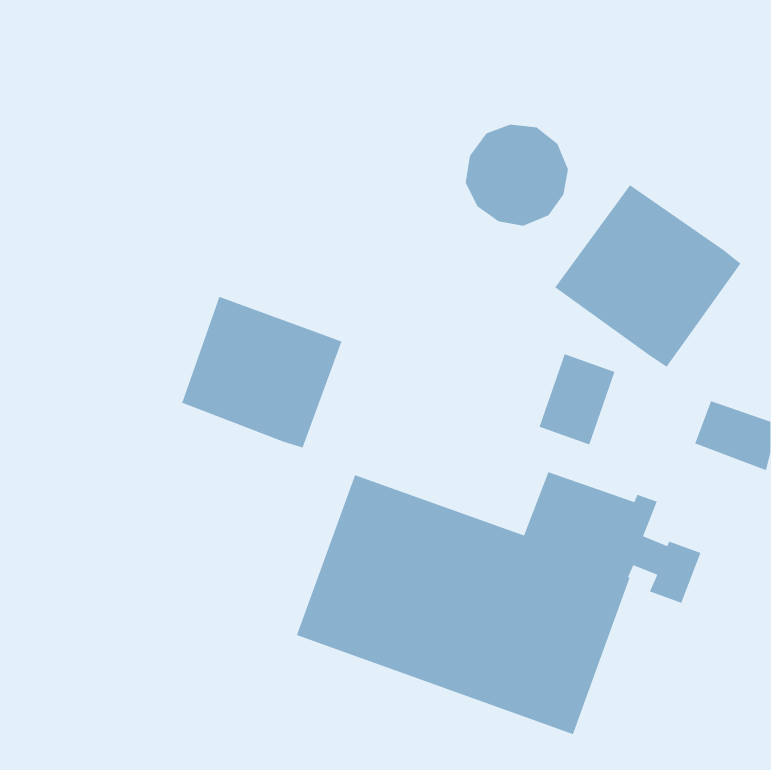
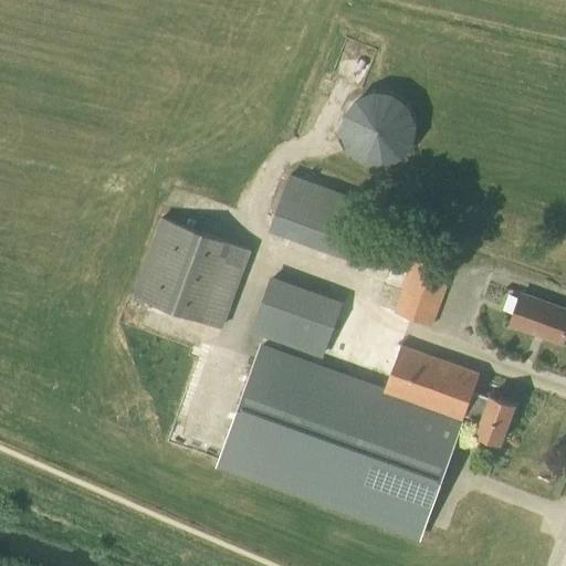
building: [554,184,741,368] -> none
building: none -> [268,175,374,263]
building: none -> [250,277,343,359]

